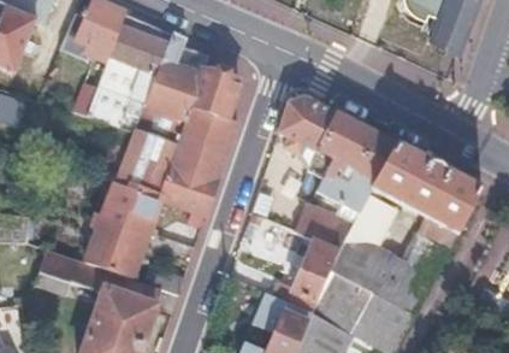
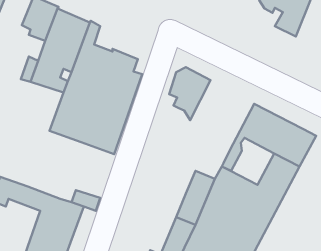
building: [307,112,395,210] -> none
building: [83,182,156,276] -> none
building: [292,204,353,248] -> none

